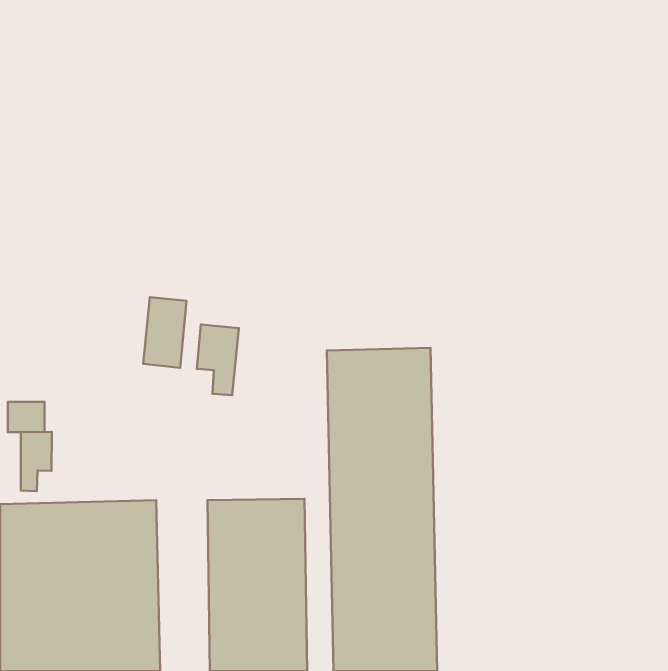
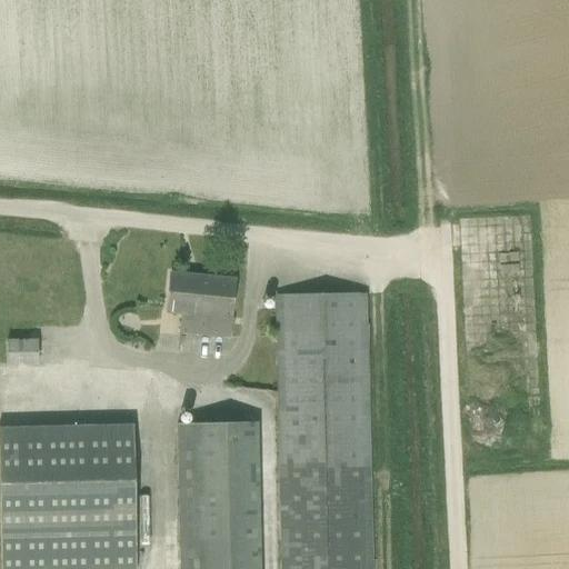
building: [143,297,187,368] -> [199,278,236,338]
building: [21,432,52,491] -> none

